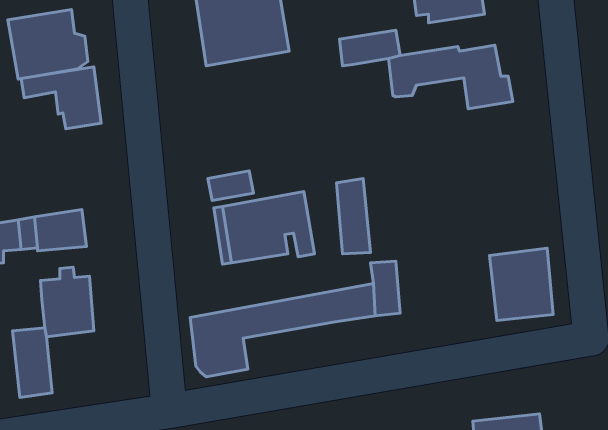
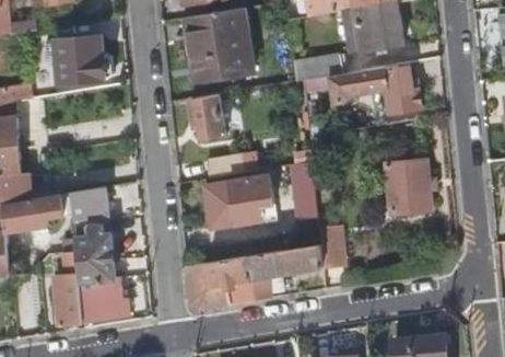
building: [21,67,101,129] -> [167,93,226,139]
building: [490,248,553,321] -> [384,159,431,212]
building: none -> [223,270,295,306]
building: none -> [78,277,126,323]

